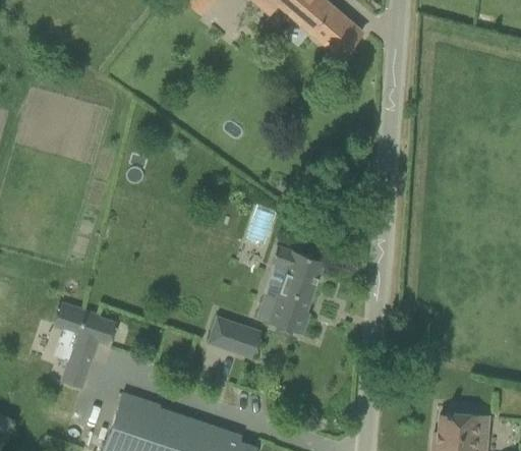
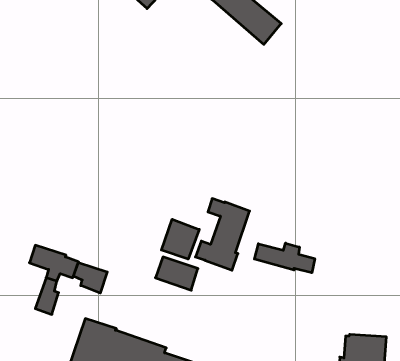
building: none -> [161,219,199,259]
building: none -> [254,243,315,273]
building: none -> [74,263,107,293]

